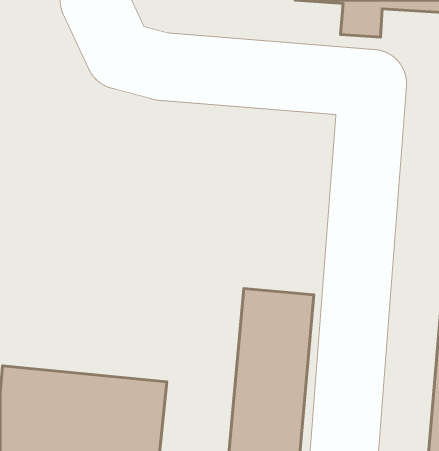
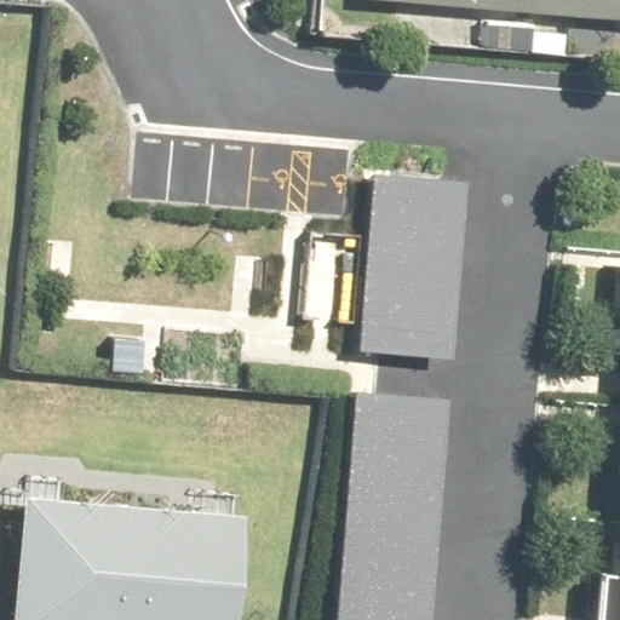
building: none -> [356,171,471,357]

